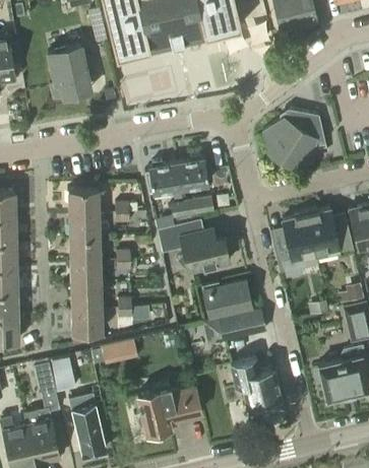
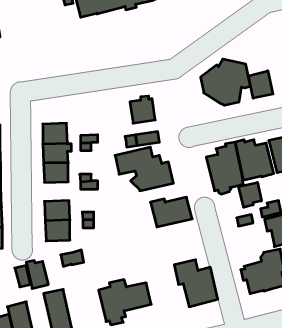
building: [49,45,97,98] -> none
building: none -> [248,71,273,98]
building: [145,160,181,193] -> none
building: [71,260,102,284] -> none
building: none -> [238,182,261,207]
building: [220,308,267,339] -> none

